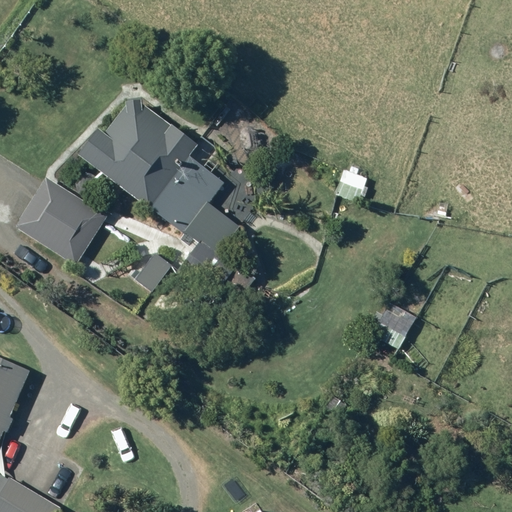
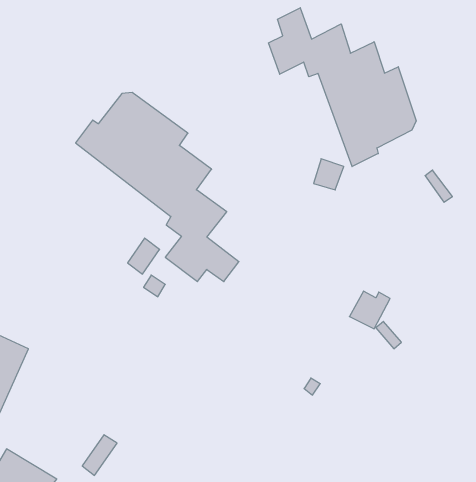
building: none -> [269,8,416,167]
building: [13,177,104,264] -> none

